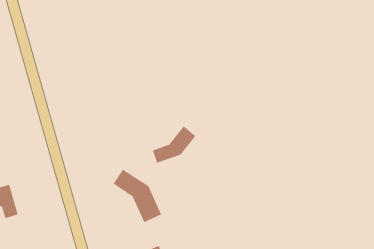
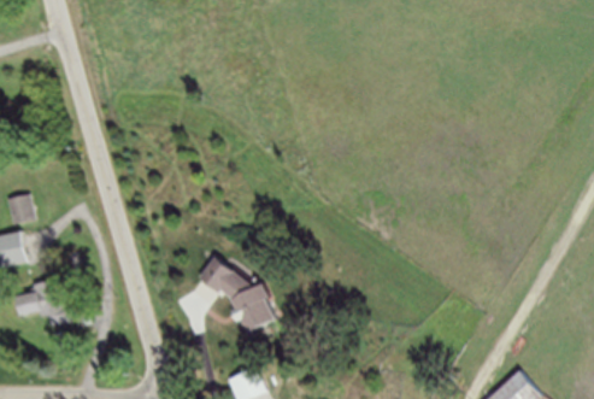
building: [152,126,196,163] -> none

